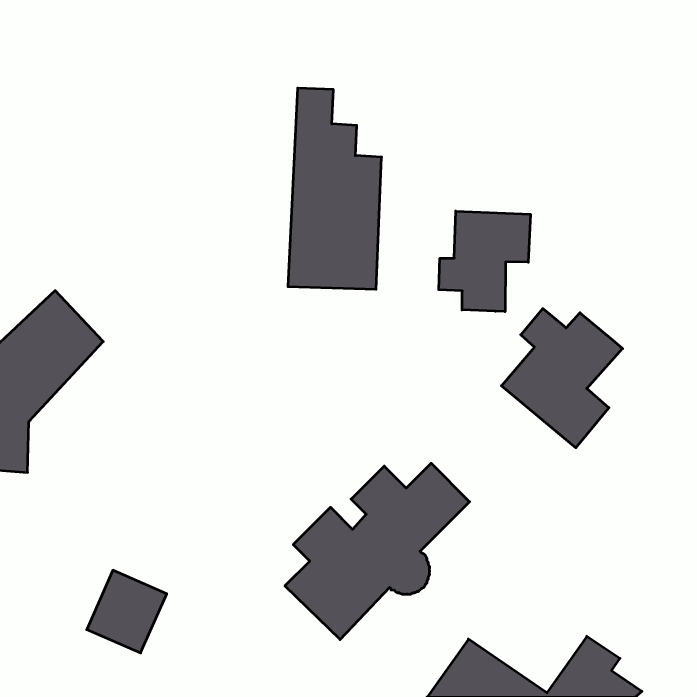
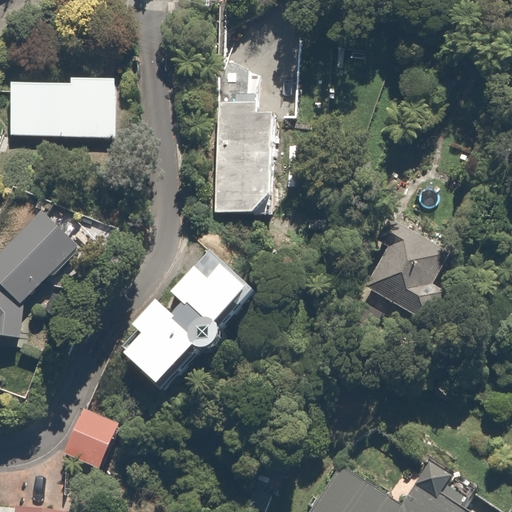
building: none -> [6,70,122,139]
building: [439,211,530,312] -> none
building: [285,463,470,640] -> [124,270,258,398]

